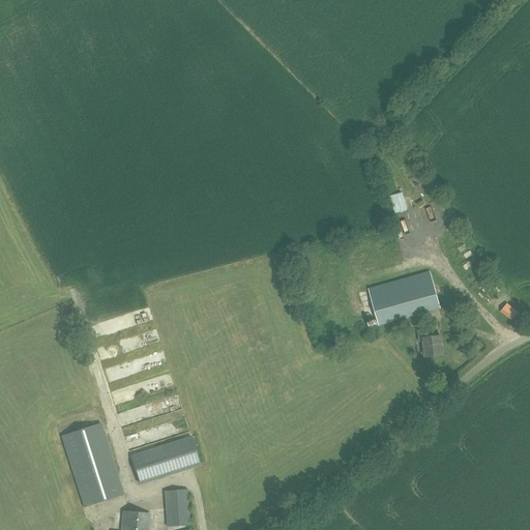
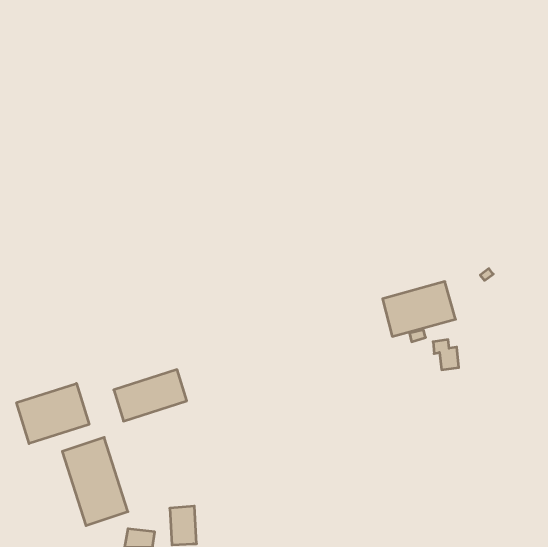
building: none -> [17,383,89,444]
building: [129,434,200,483] -> [114,370,187,421]

